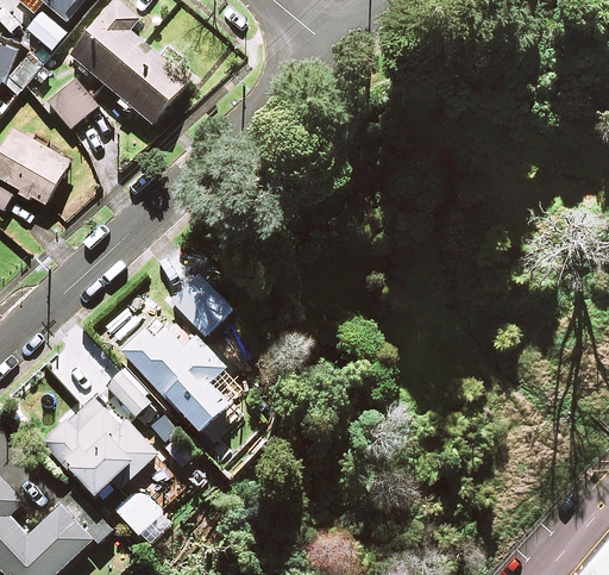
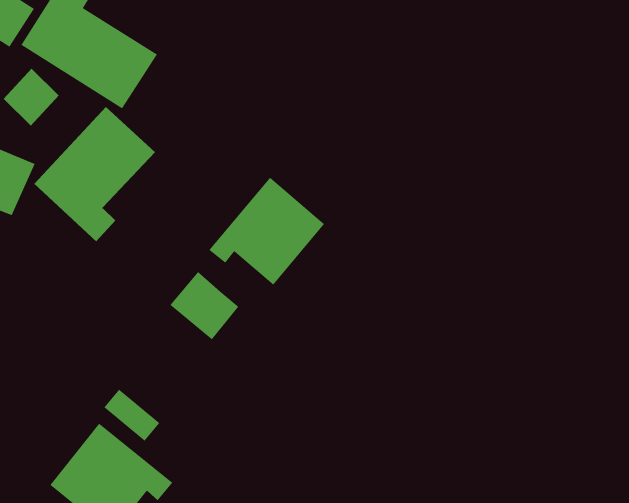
building: none -> [33,106,156,242]
building: none -> [208,177,325,285]
building: [120,325,240,435] -> none

